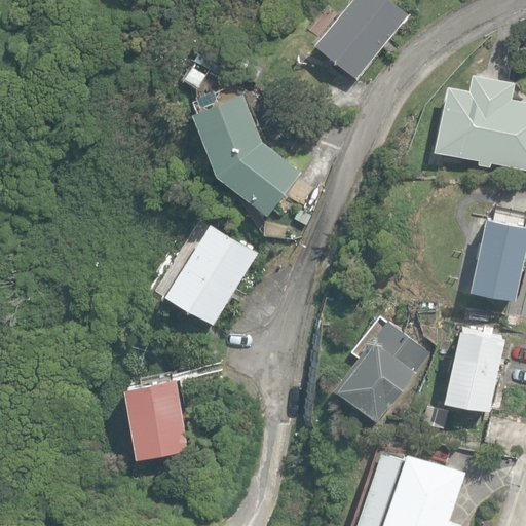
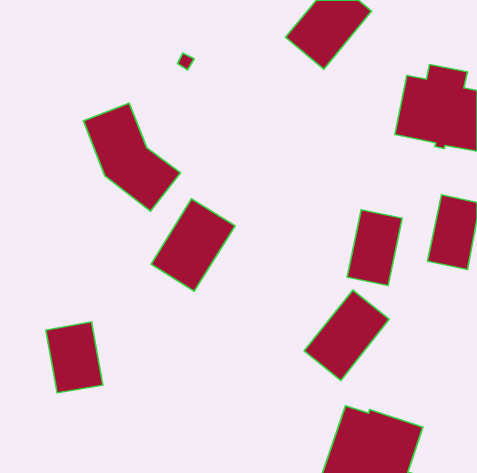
building: [193,96,300,215] -> [83,103,180,211]
building: [445,329,505,412] -> [347,210,402,285]
building: [125,379,188,457] -> [46,322,103,393]

